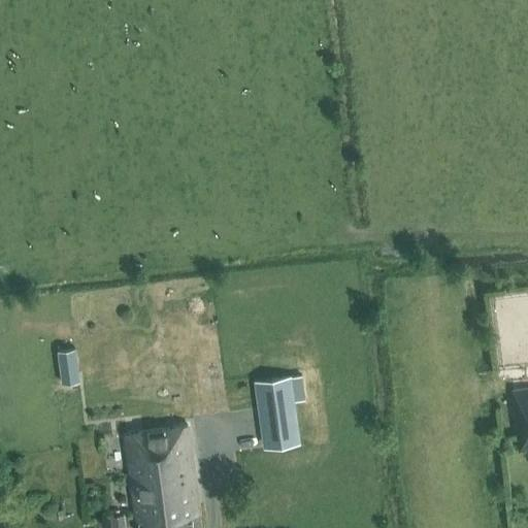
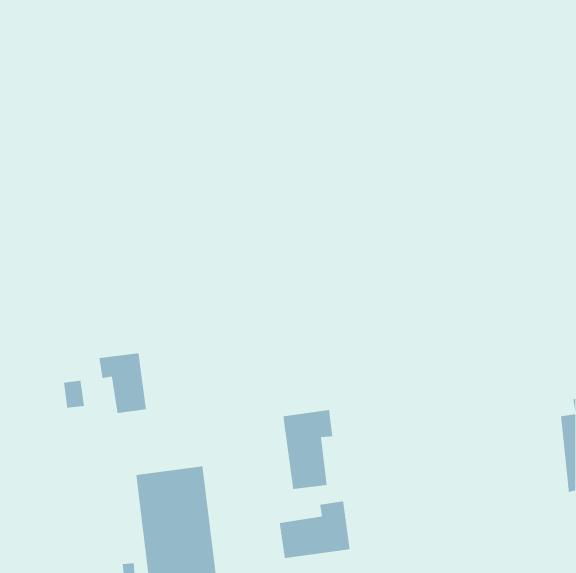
building: none -> [99,353,146,414]
building: none -> [279,500,350,559]

